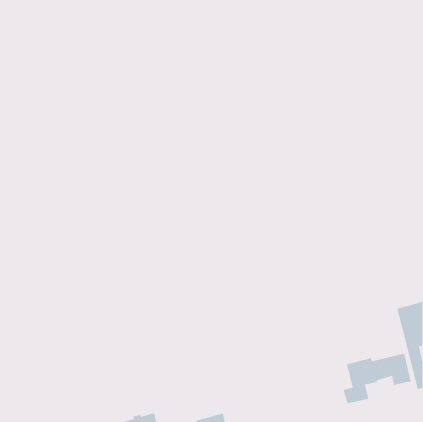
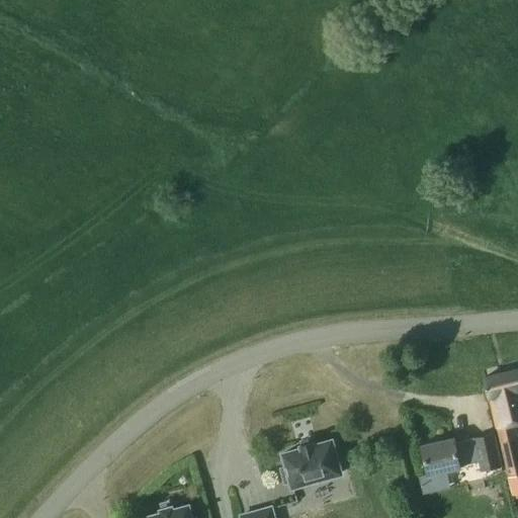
building: none -> [281,441,342,488]

